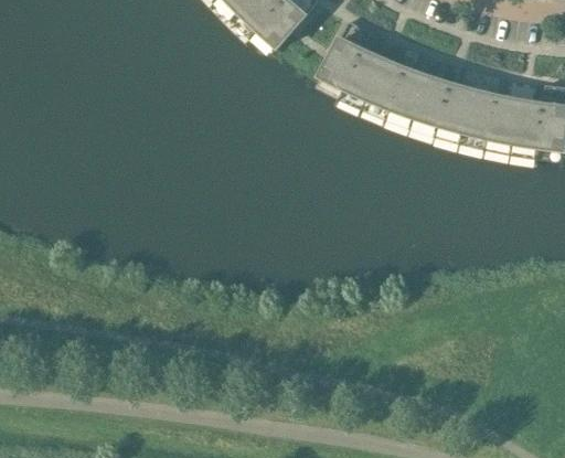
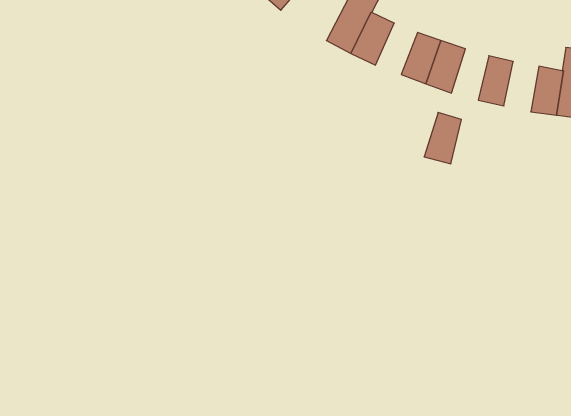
building: [366,58,406,107] -> none
building: [438,83,473,131] -> [424,112,461,164]
building: [488,95,521,142] -> none

